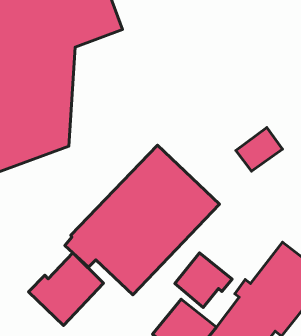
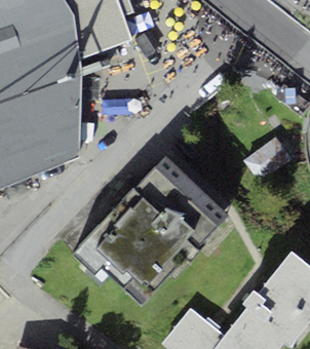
building: [175,253,232,307] -> none
building: [28,253,104,326] -> none

